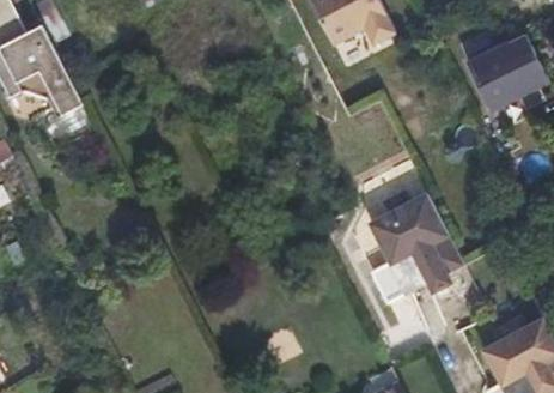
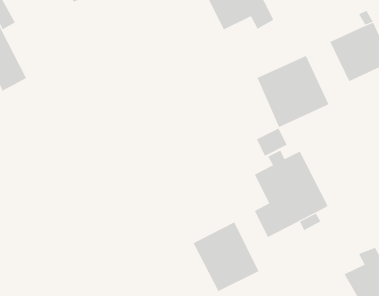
building: none -> [257,55,329,128]
building: none -> [193,222,259,292]

